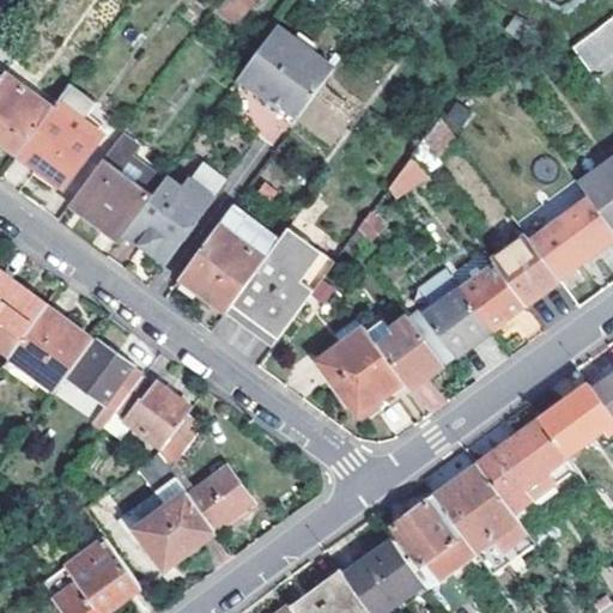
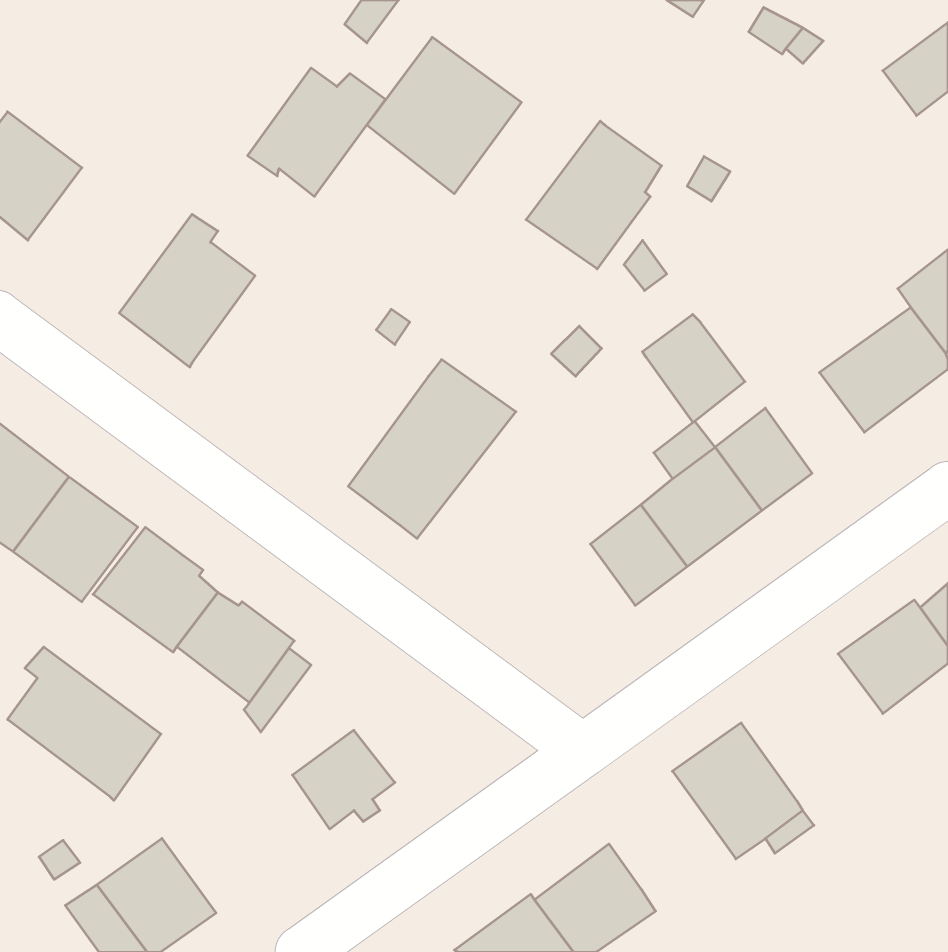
building: [18,77,103,188] -> none
building: none -> [526,121,662,269]
building: [123,177,212,260] -> [248,68,385,196]
building: [178,210,275,312] -> none
building: [490,235,556,304] -> [642,314,745,423]
building: [318,333,402,415] -> none
building: none -> [8,647,161,800]
building: [477,420,568,515] -> none
building: [134,482,212,570] -> none
building: [383,496,473,576] -> none

